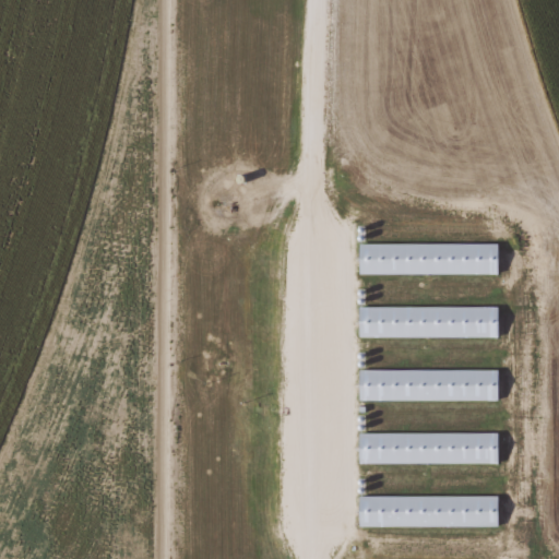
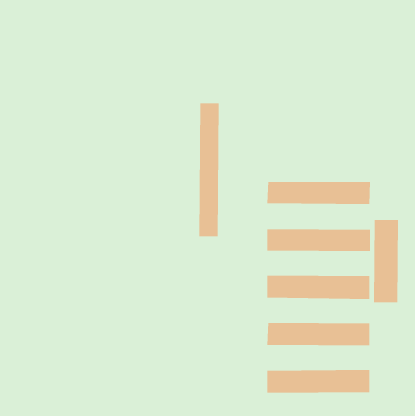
building: none -> [199,102,219,237]
building: none -> [374,219,398,303]

